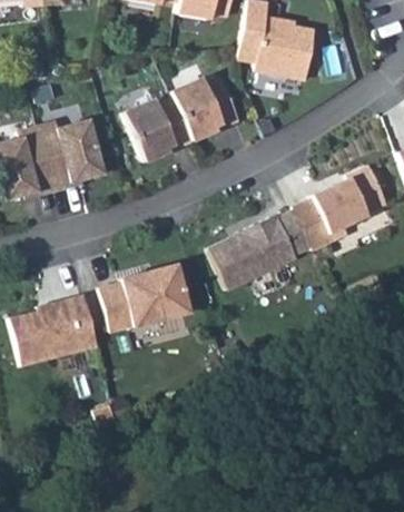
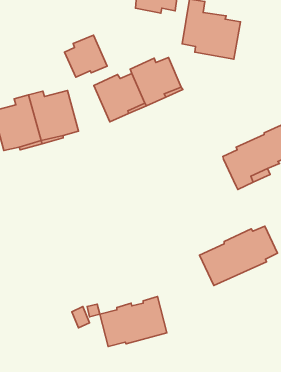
building: none -> [64,35,107,77]
building: [209,210,312,288] -> [199,226,277,286]
building: [100,263,188,328] -> [100,296,167,346]
building: [10,294,99,366] -> none

